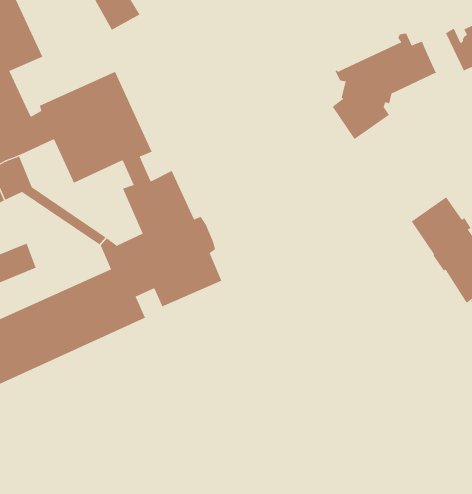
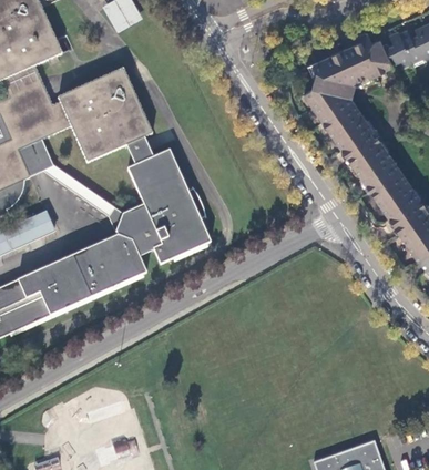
building: none -> [381,31,411,65]
building: none -> [321,102,399,192]

